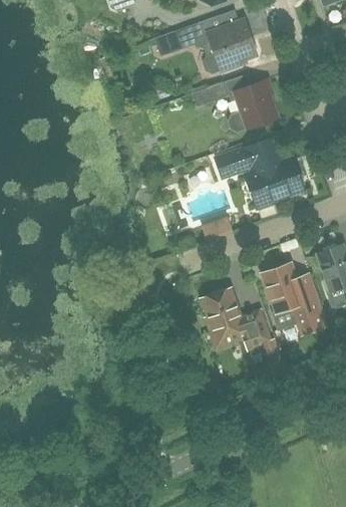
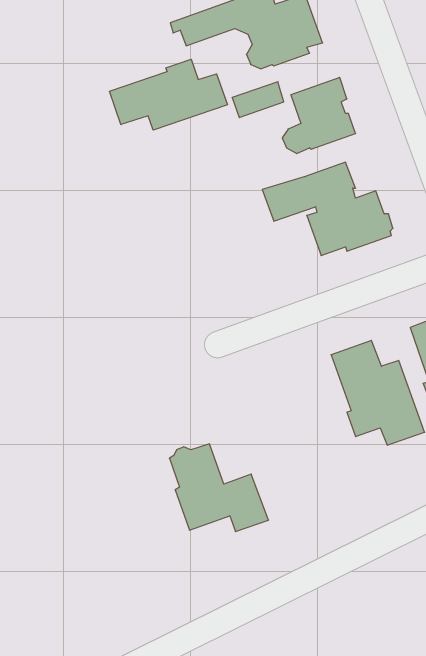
building: none -> [109,59,228,130]
building: [203,287,272,348] -> [169,444,269,532]

